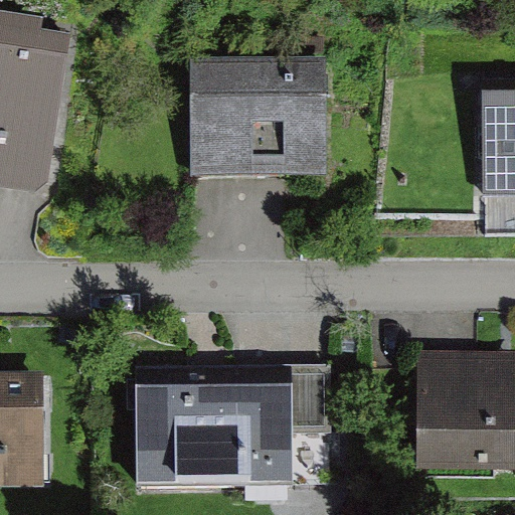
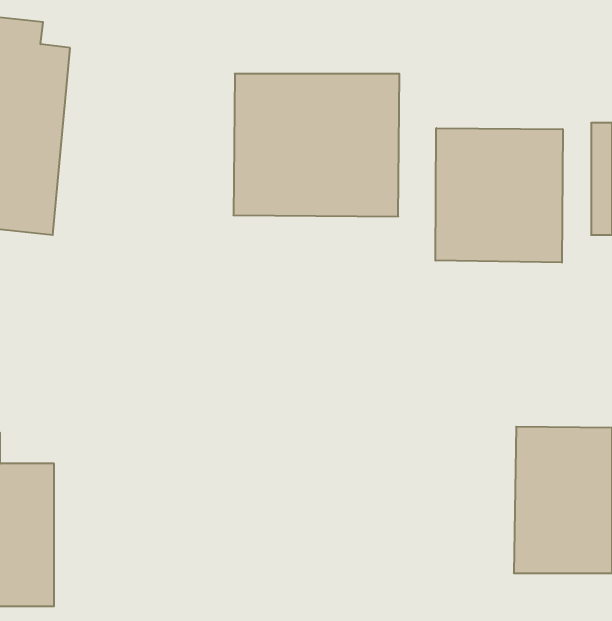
building: none -> [435,128,563,263]
building: [148,368,330,476] -> none

